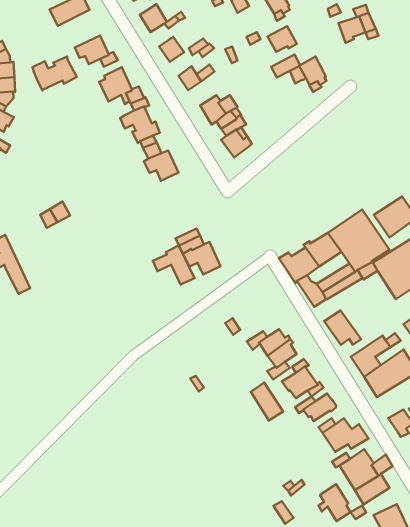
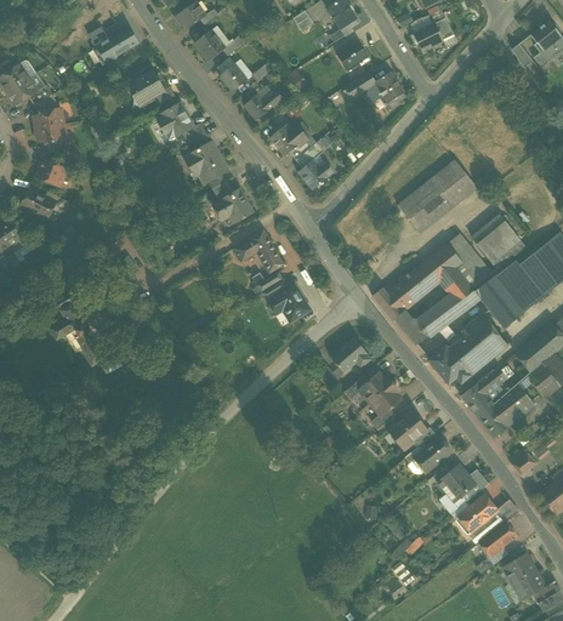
building: [32,56,77,90] -> none
building: none -> [396,159,477,234]
building: [153,246,194,284] -> [235,230,283,273]
building: none -> [444,315,506,376]
building: none -> [330,338,371,372]
building: [251,383,283,421] -> none
building: [319,484,351,521] -> none

